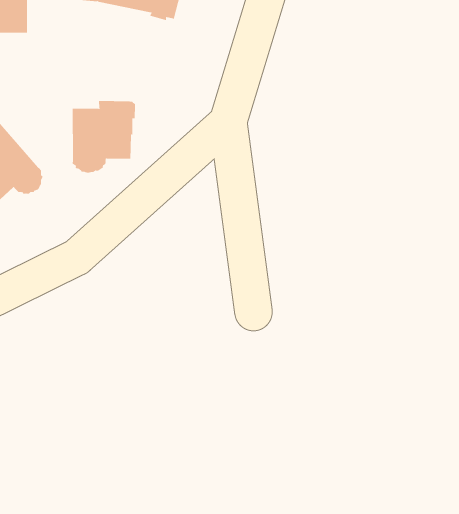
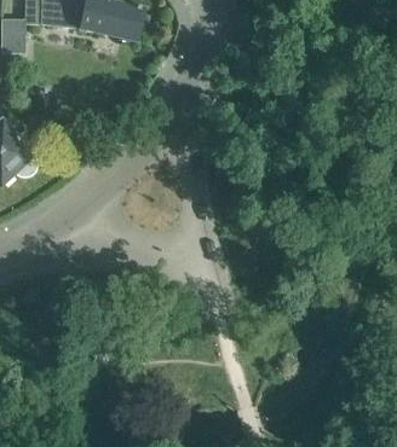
building: [72,100,135,174] -> none

